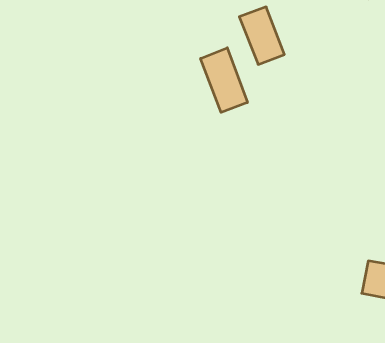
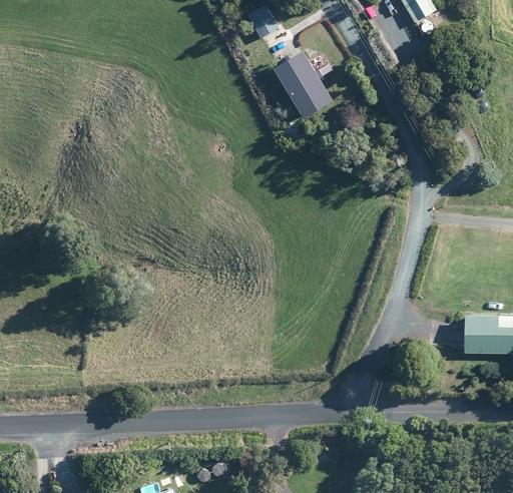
building: [201,48,247,112] -> none

